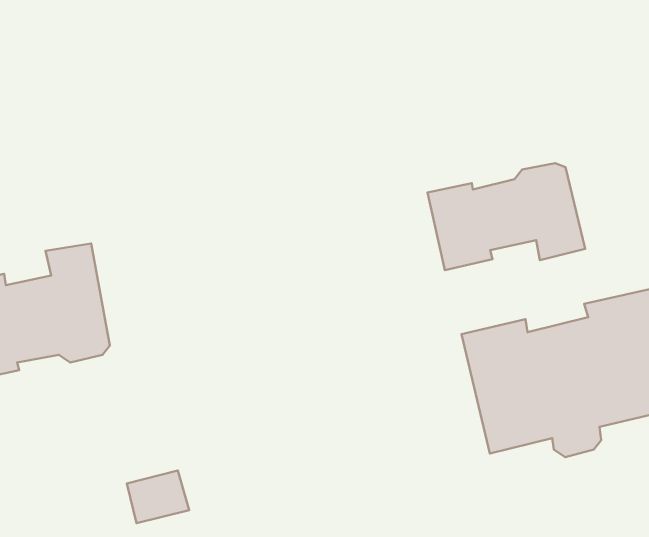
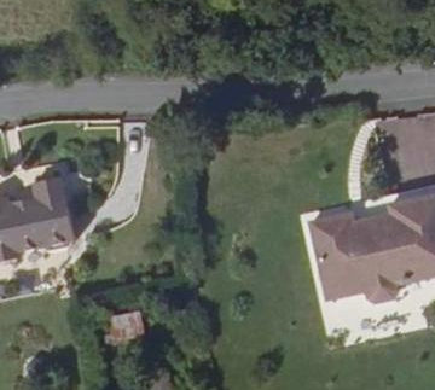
building: [428,163,585,270] -> none

